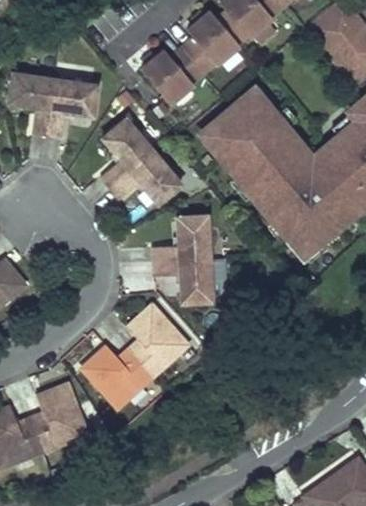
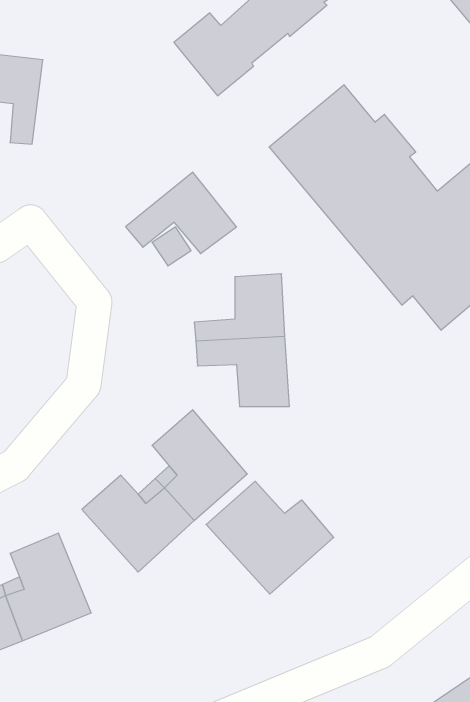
building: [50,80,99,136] -> none
building: [101,117,153,187] -> none
building: none -> [206,481,334,594]

